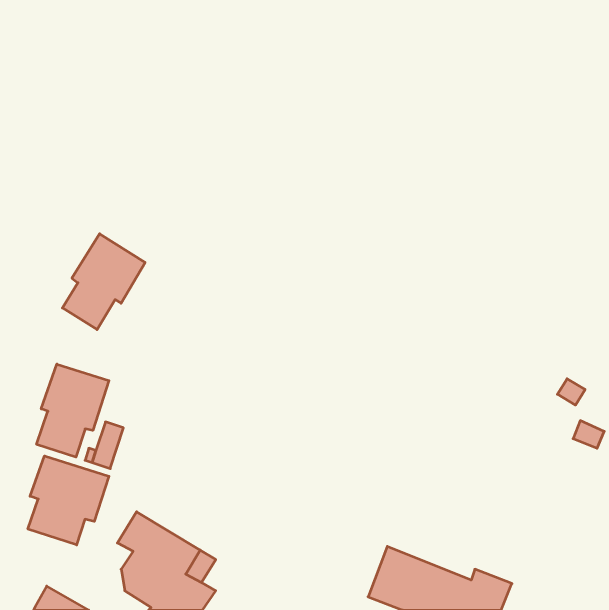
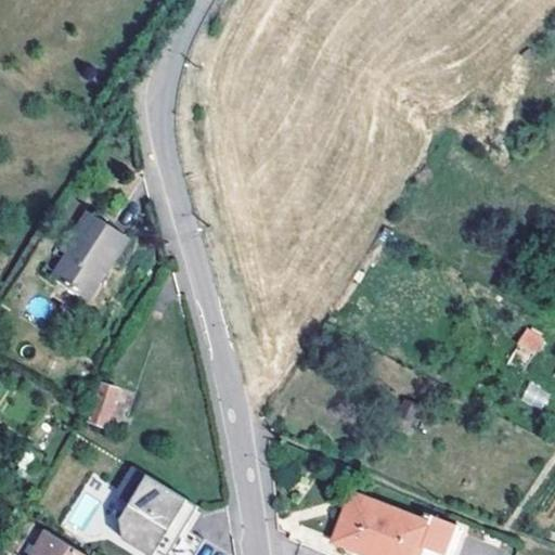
building: [37,364,109,457] -> none
building: [28,456,109,545] -> none

